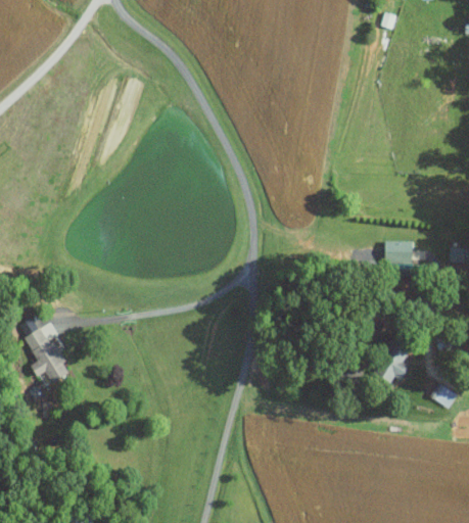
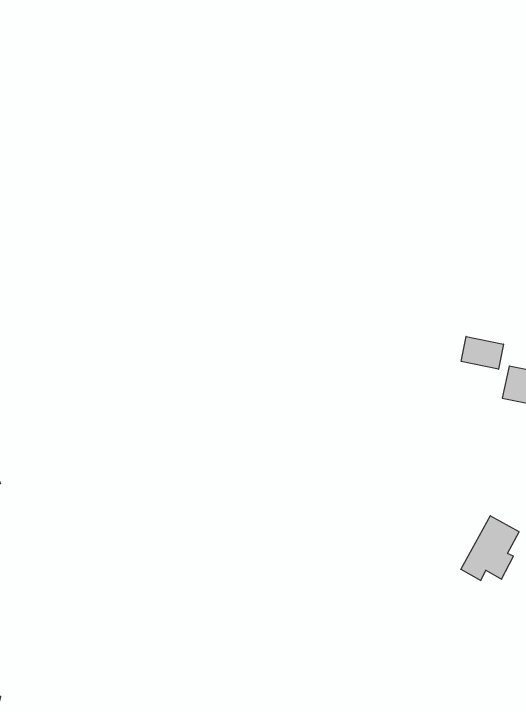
building: none -> [461,336,503,369]

